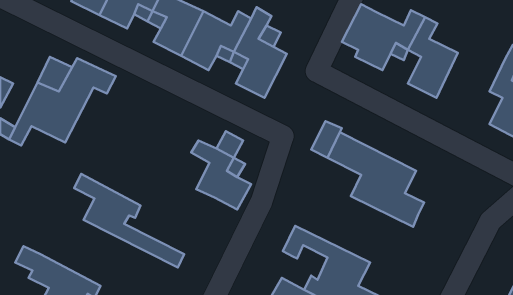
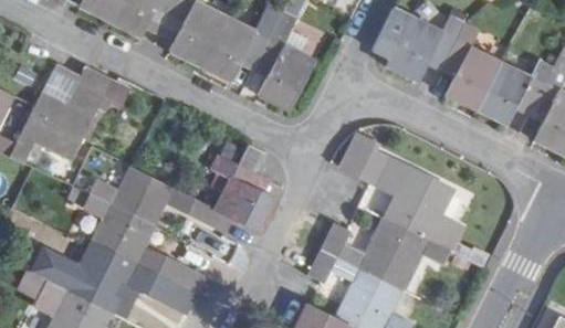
building: none -> [475,60,551,124]
building: none -> [90,166,234,234]
building: none -> [322,216,450,288]
building: none -> [45,242,195,314]

